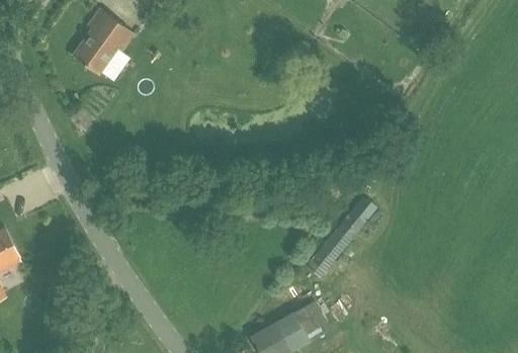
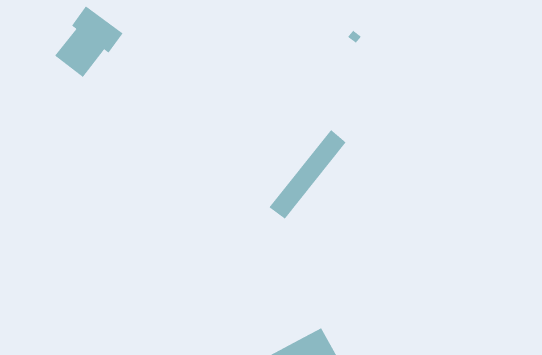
building: [306,197,376,279] -> [268,129,346,220]

